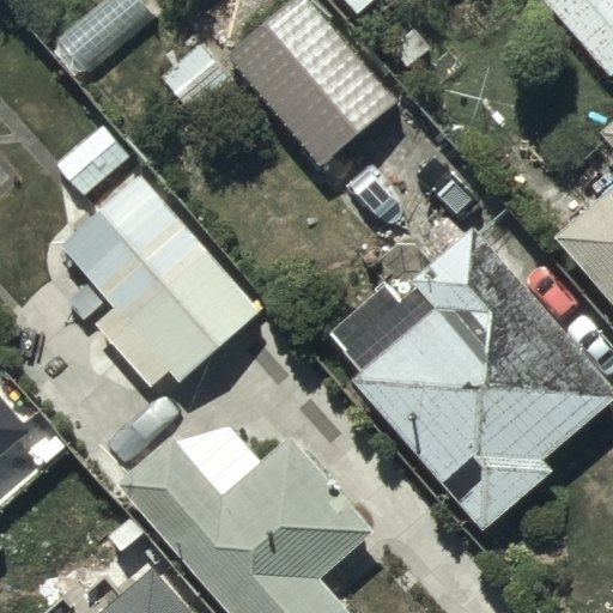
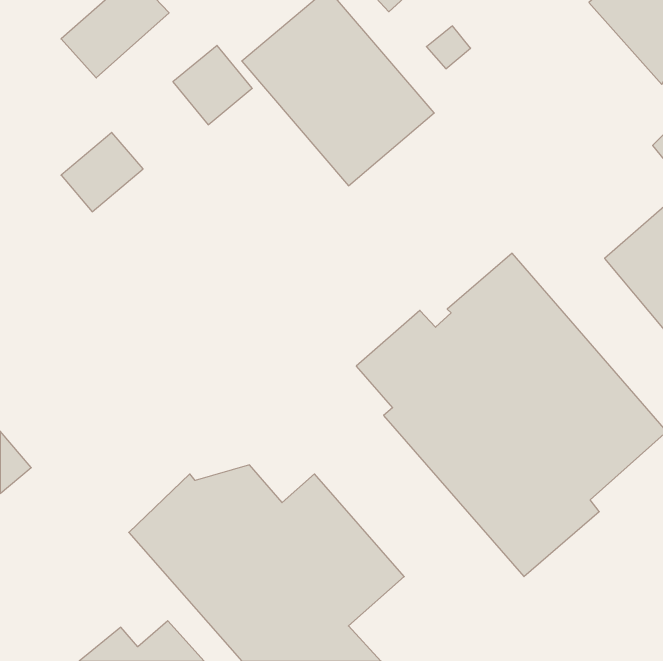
building: [53,166,263,394] -> none

